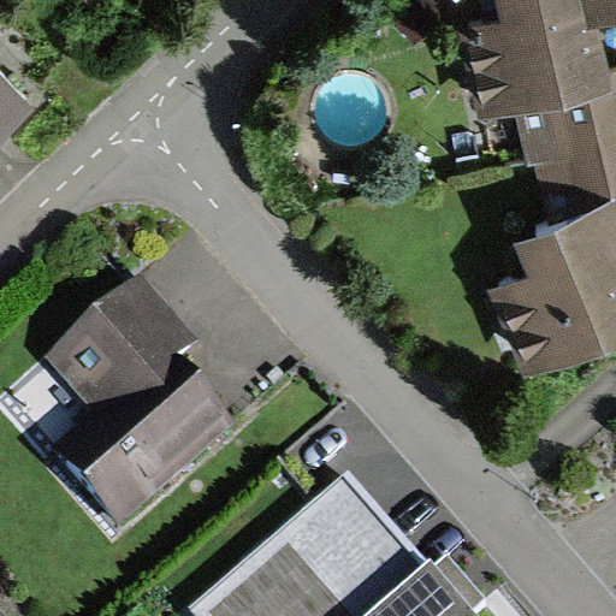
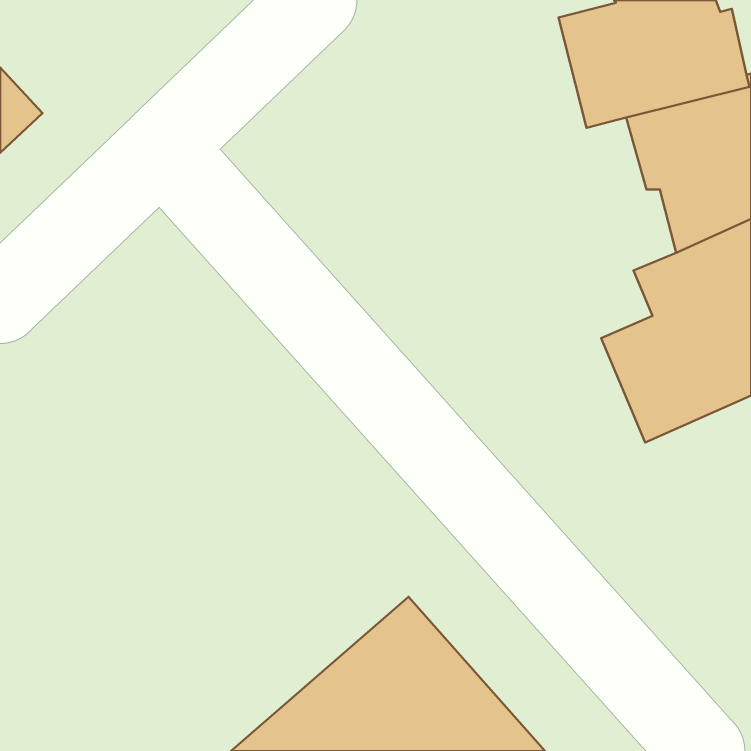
building: [49,279,237,528] -> none

